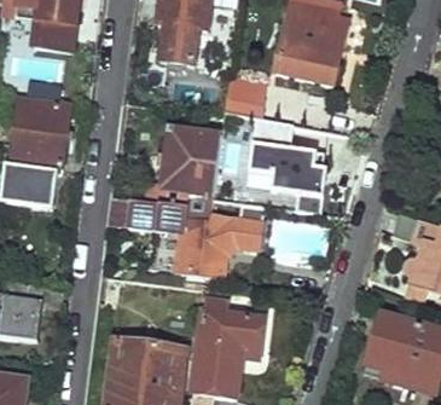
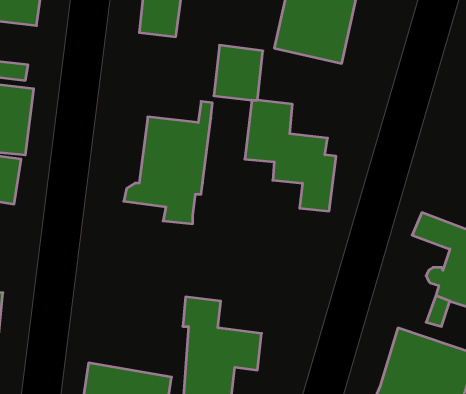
building: [111,197,265,272] -> none

